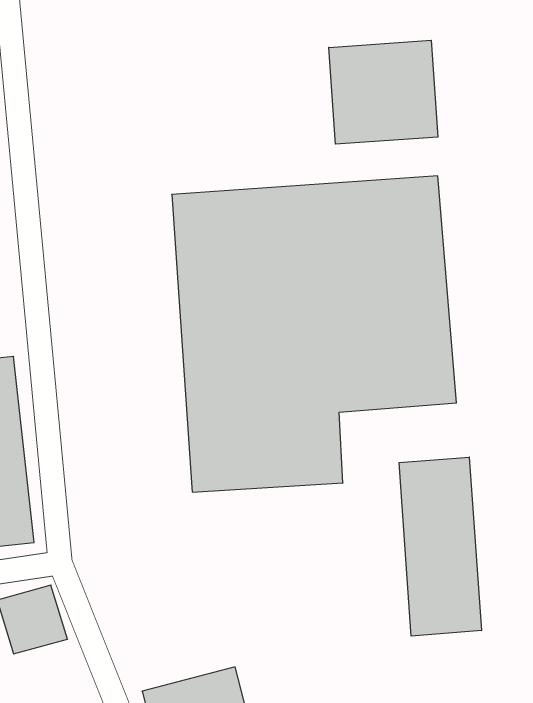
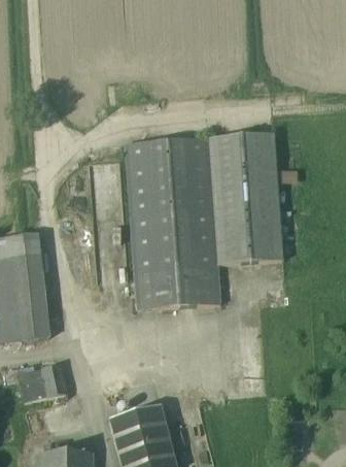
building: [329,40,438,144] -> none
building: [399,457,481,636] -> none

